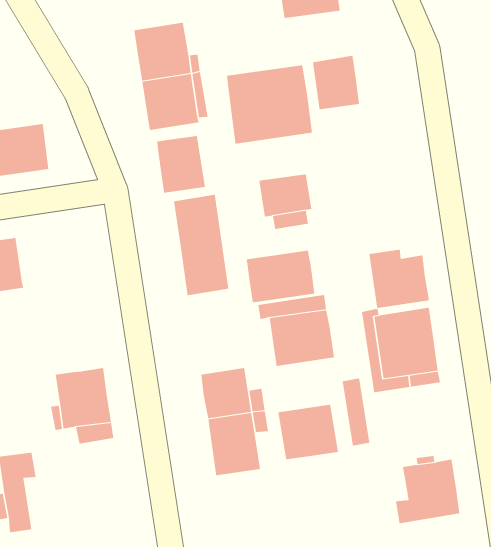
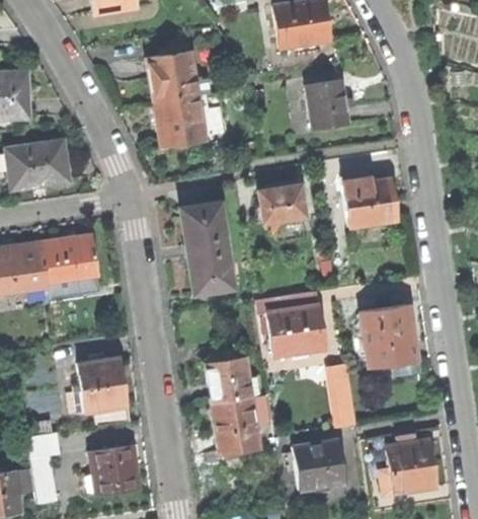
building: [227,64,313,144] -> none
building: [157,135,205,194] -> none
building: none -> [43,234,98,282]
building: [368,249,430,309] -> [342,173,397,226]
building: [246,250,315,303] -> none
building: [277,404,339,460] -> [293,439,347,489]
building: none -> [91,445,141,495]

